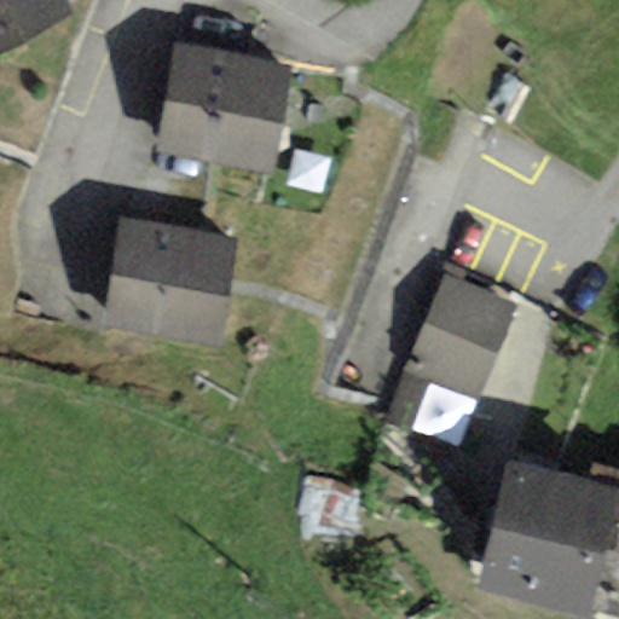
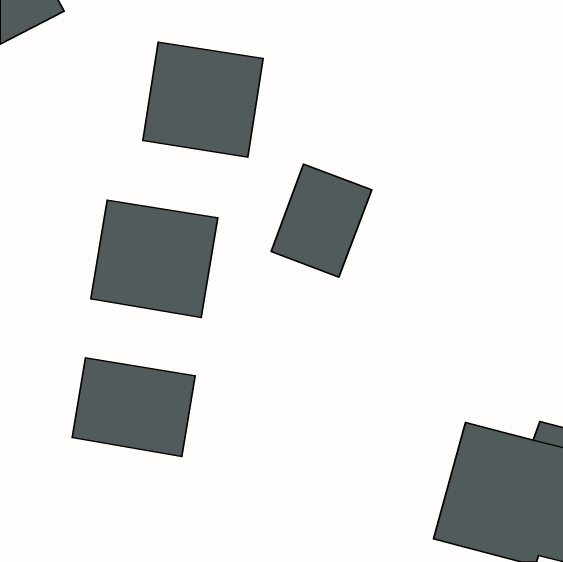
building: [405,270,515,393] -> [271,164,372,277]
building: none -> [72,358,195,456]

